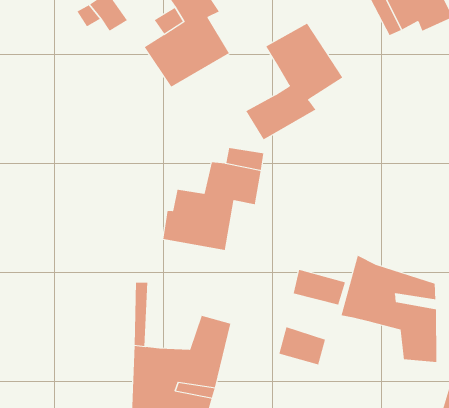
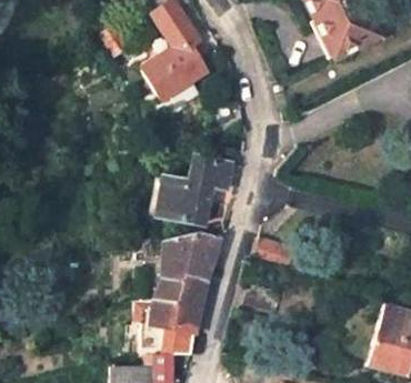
building: [245,23,343,140] -> none
building: [341,255,437,363] -> none
building: none -> [153,233,220,301]

